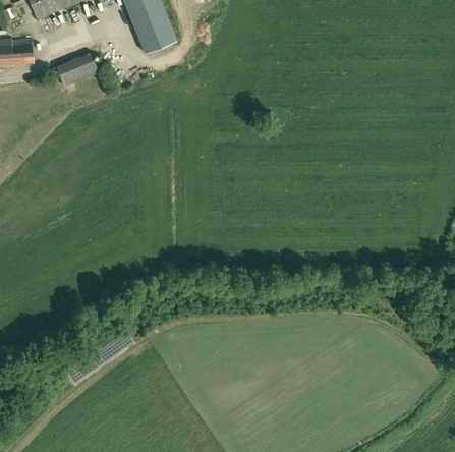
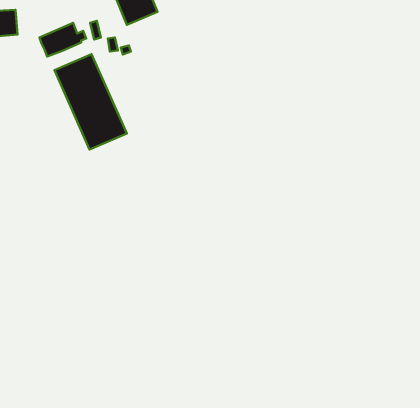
building: none -> [54,54,127,150]

